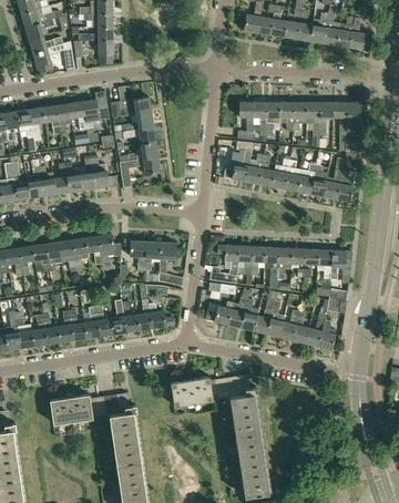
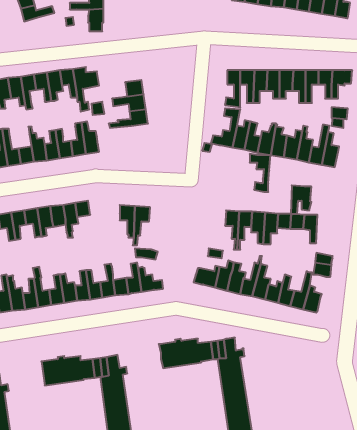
building: [32,42,73,73] -> none
building: [111,97,152,119] -> none
building: [120,157,161,191] -> none
building: [98,234,122,265] -> none
building: [158,243,183,286] -> none
building: [217,245,238,284] -> [250,154,270,192]
building: [330,250,351,279] -> [291,185,311,214]

